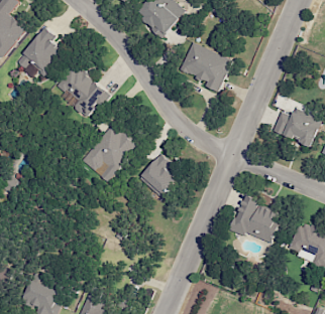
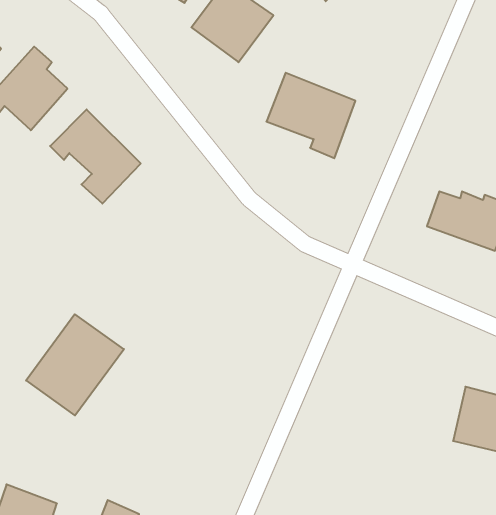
building: [80,123,136,181] -> [26,314,124,415]
building: [138,153,180,198] -> none
building: [230,197,282,243] -> none

